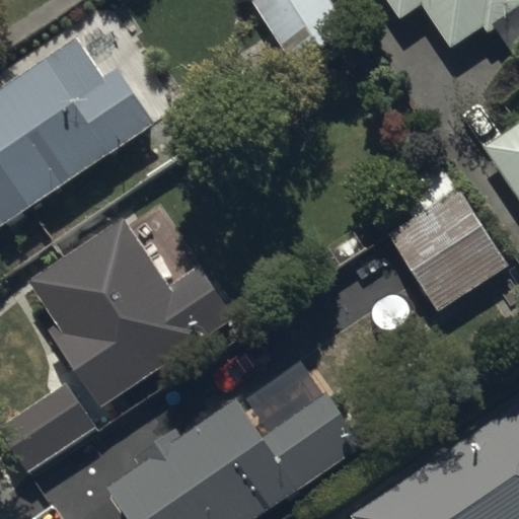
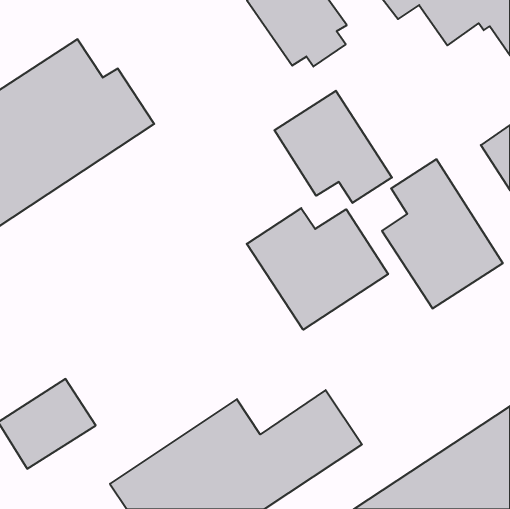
building: none -> [274,91,392,203]
building: none -> [247,208,388,330]
building: [28,217,236,410] -> none

